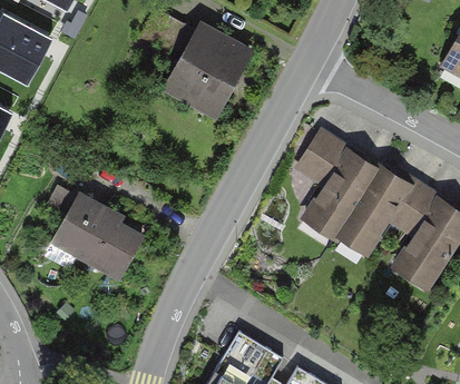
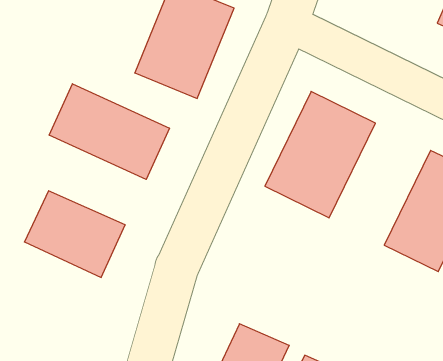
building: none -> [49,84,169,179]
building: [327,160,424,272] -> none

